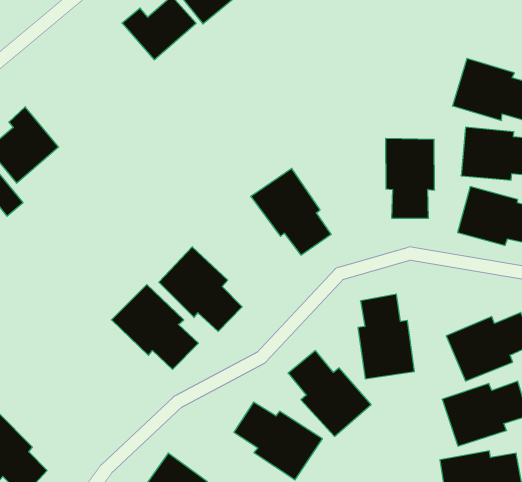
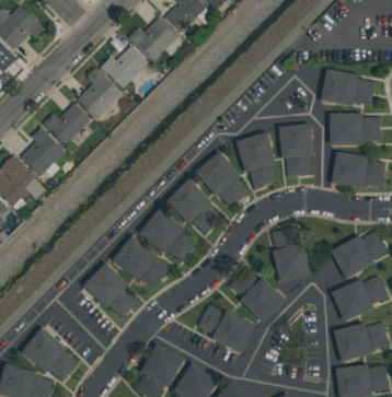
building: none -> [77,68,123,119]
building: none -> [43,104,90,145]
building: none -> [235,132,277,189]
building: none -> [165,177,221,233]
building: none -> [83,262,138,317]

